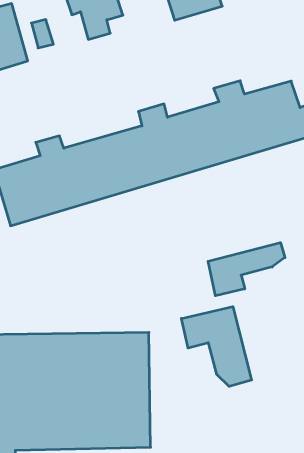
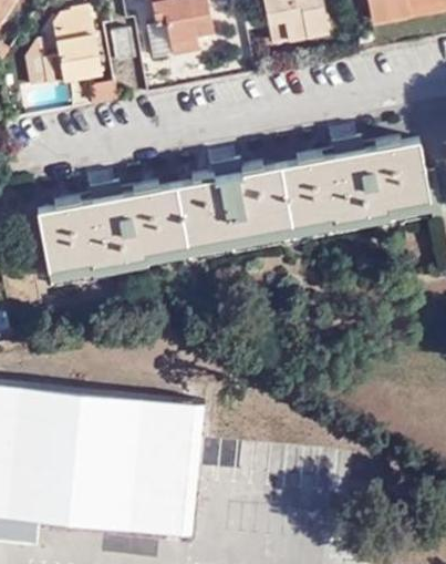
building: [208,243,285,296] -> none
building: [181,307,252,386] -> none

